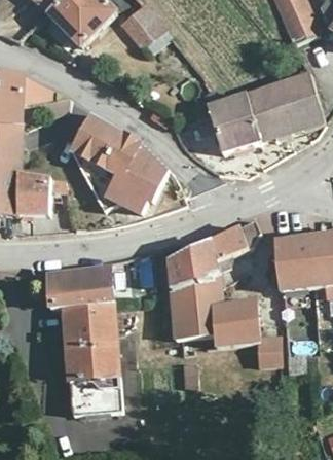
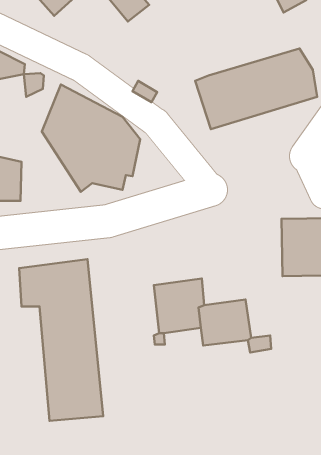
building: [165,217,264,293] -> none

